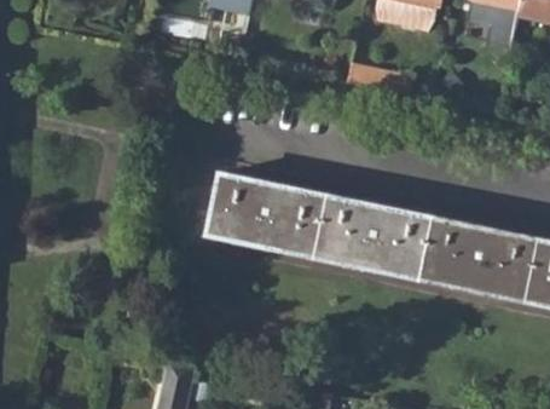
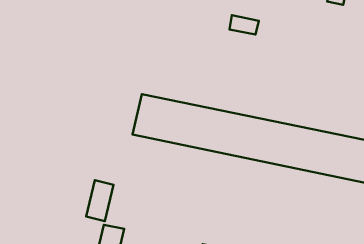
building: none -> [86,180,113,221]

